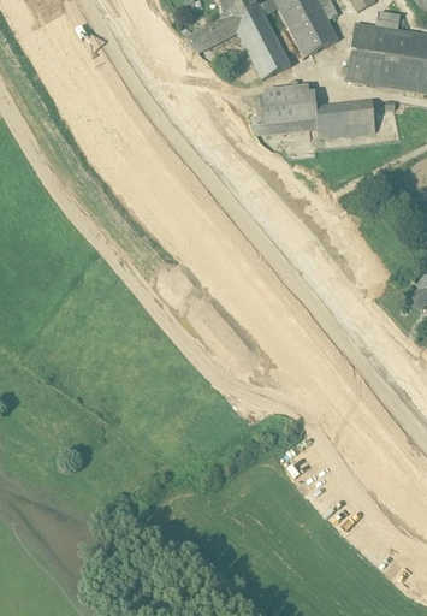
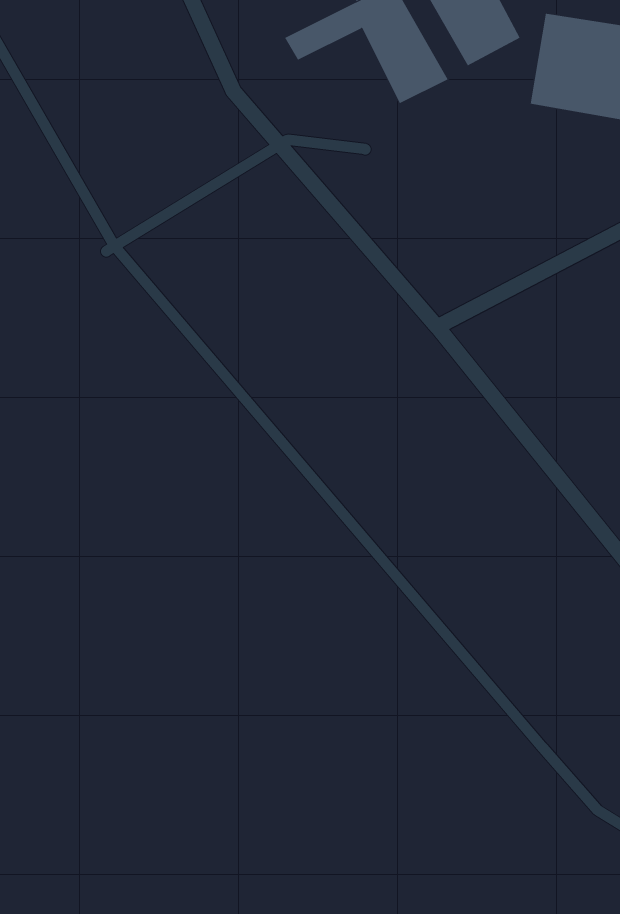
building: [254,85,375,138] -> none

